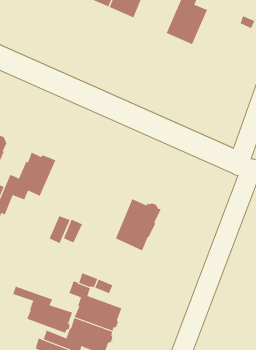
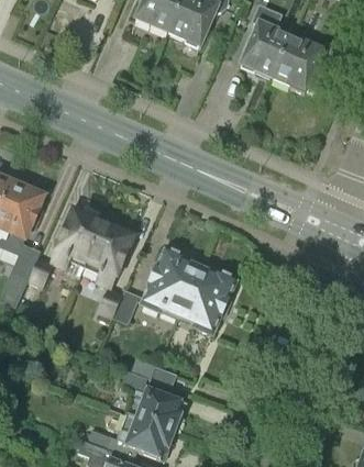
building: none -> [273,35,323,91]
building: none -> [85,220,133,285]
building: none -> [143,249,198,316]
building: [13,286,73,333] -> none

